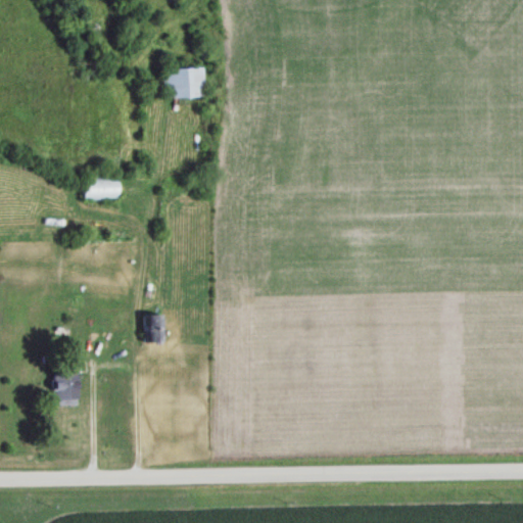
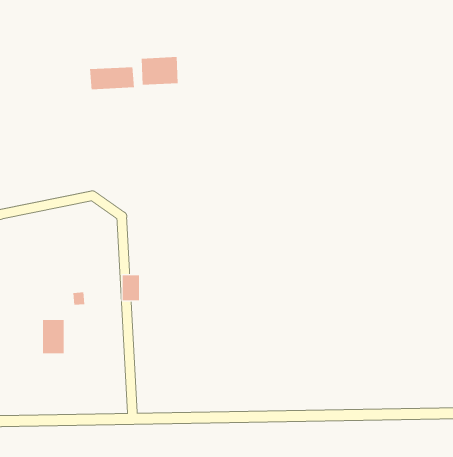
building: none -> [90,66,134,90]
building: [85,177,121,201] -> none

